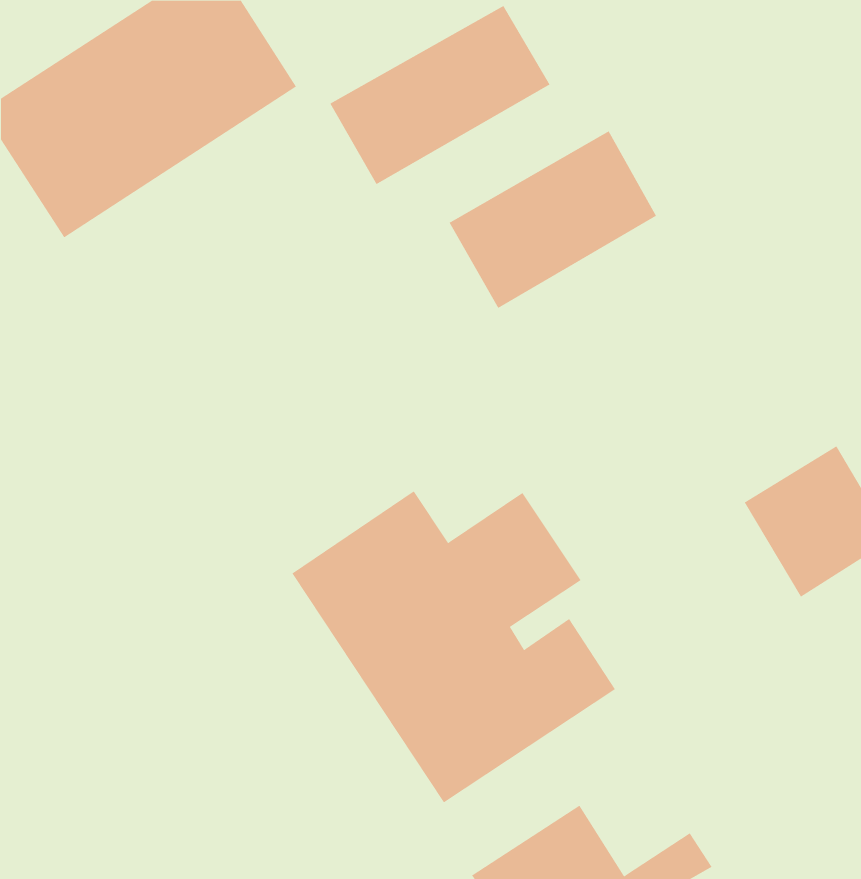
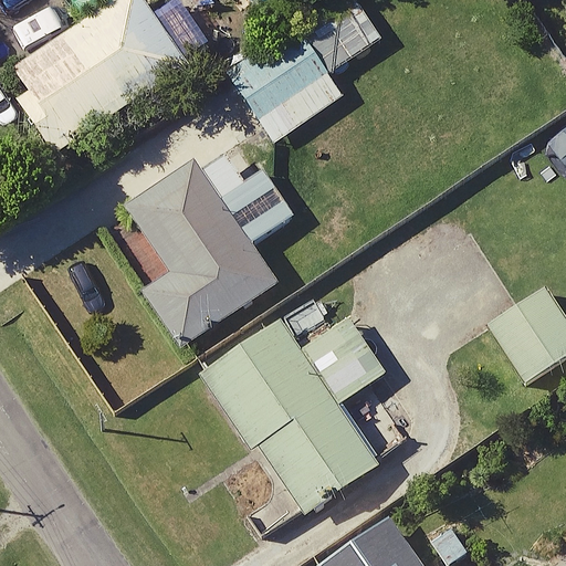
building: [449,131,657,309] -> none
building: none -> [127,132,296,347]

